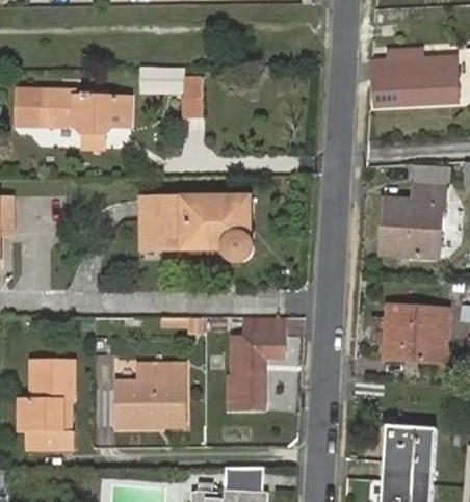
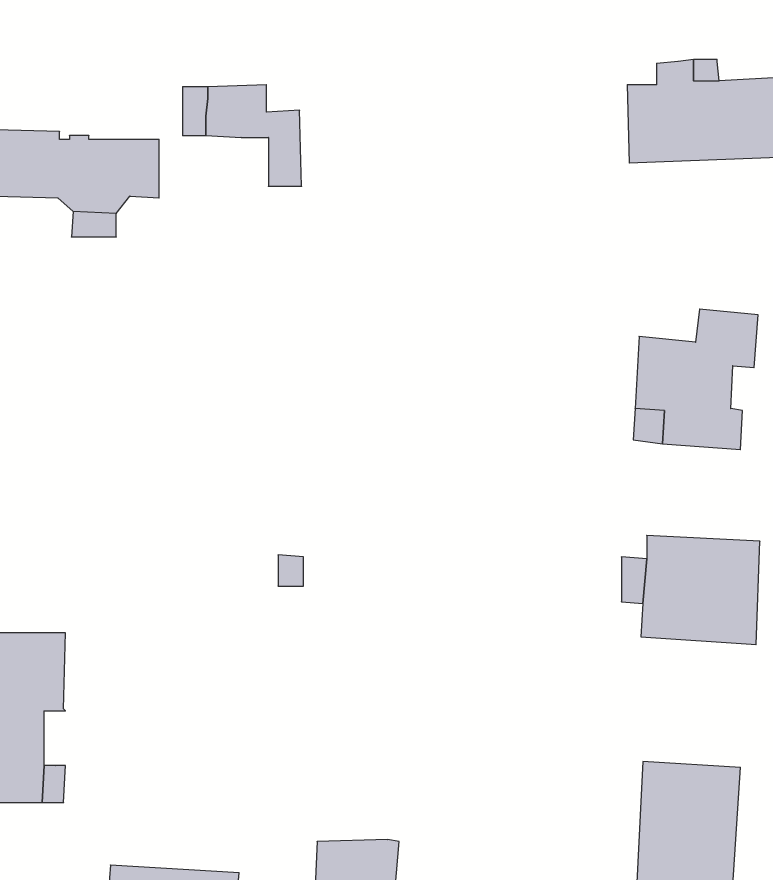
building: [143,202,254,263] -> none
building: [228,316,284,411] -> none
building: [116,363,186,425] -> none

